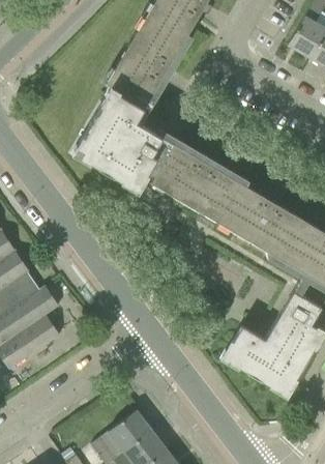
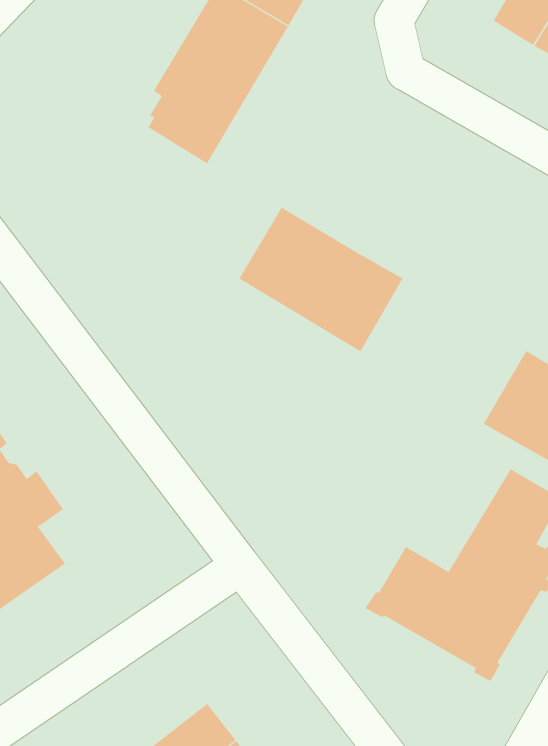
building: [71,103,175,194] -> none
building: [217,183,305,261] -> none

